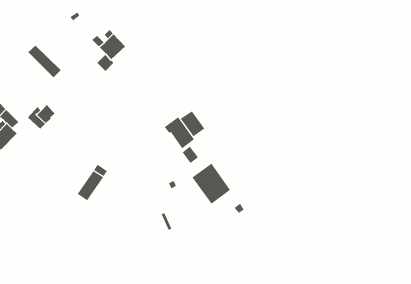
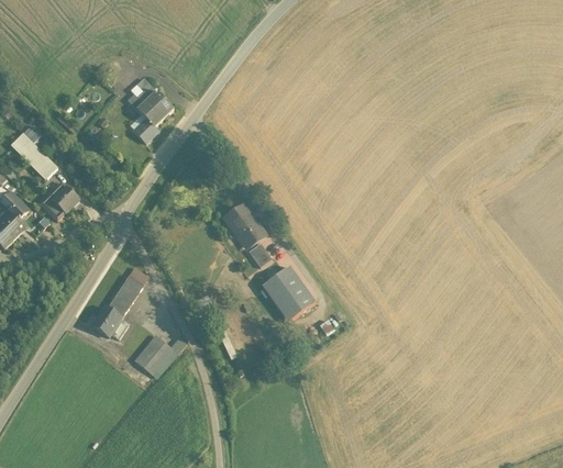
building: [27,45,62,78] -> [11,134,57,179]
building: [180,110,205,137] -> none
building: none -> [92,307,121,337]
building: none -> [134,335,173,375]

